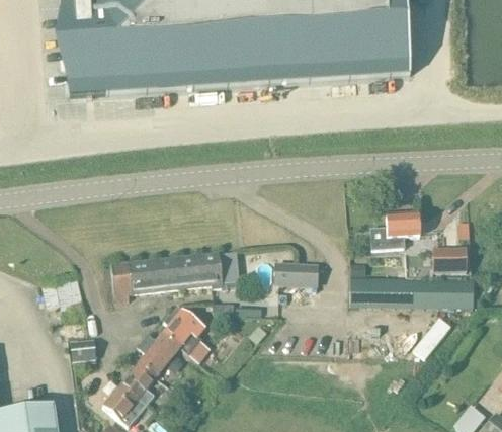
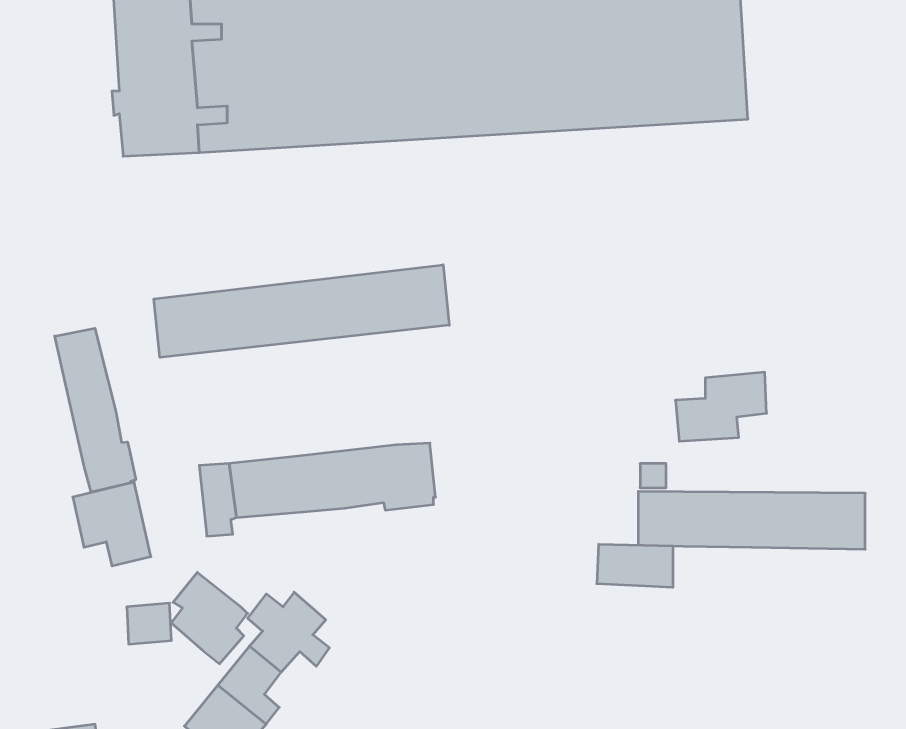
building: none -> [154,265,449,357]
building: none -> [55,328,136,492]
building: [433,246,468,271] -> none
building: [275,262,317,285] -> [597,544,673,587]
building: [163,304,204,353] -> [171,572,248,664]

